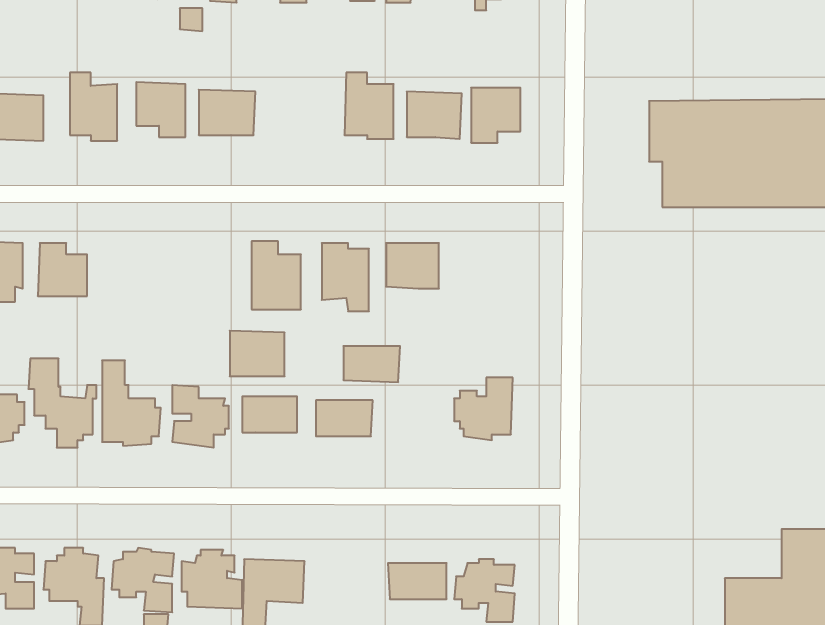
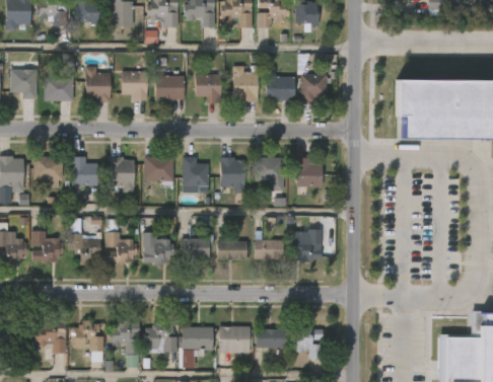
building: none -> [196,66,222,103]
building: none -> [107,157,132,194]
building: none -> [297,157,325,186]
building: [230,331,285,376] -> [145,156,174,180]
building: [343,346,400,382] -> [255,240,285,259]
building: none -> [219,326,252,353]

